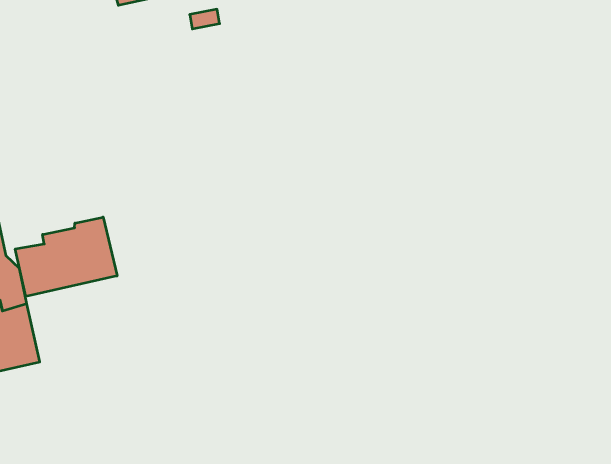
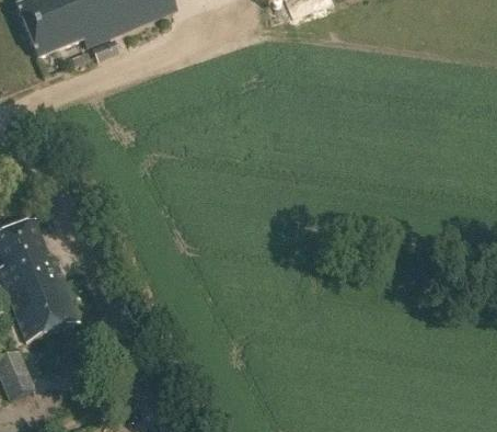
building: [15,217,117,296] -> none

